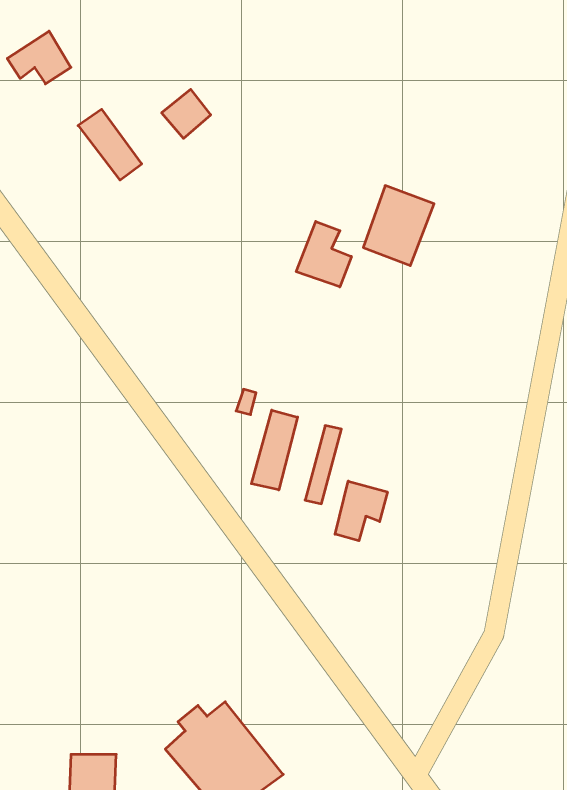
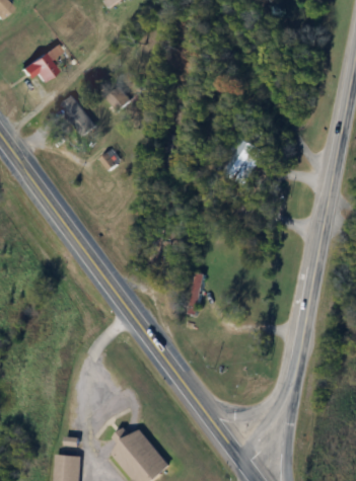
building: [296,221,351,287] -> none
building: [251,410,298,490] -> none
building: [335,481,387,541] -> none

